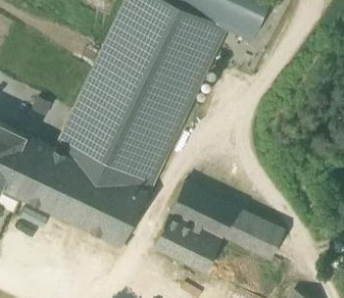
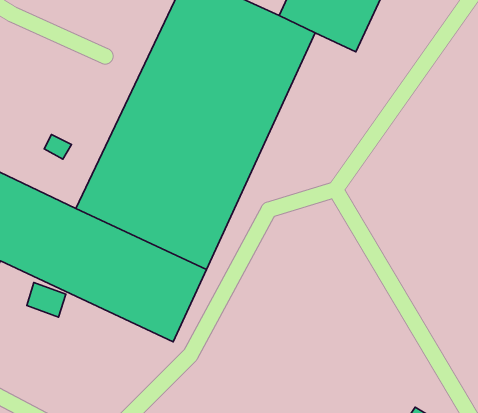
building: [154,185,273,274] -> none

